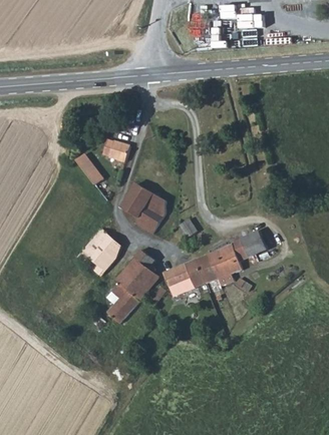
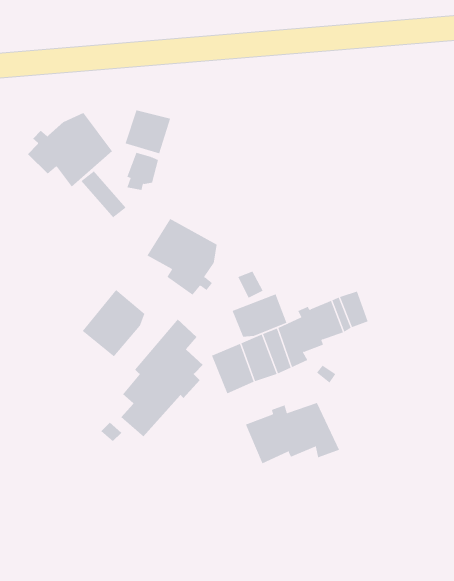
building: none -> [125,110,171,154]
building: none -> [27,112,113,187]
building: none -> [232,293,287,338]
building: none -> [245,402,340,464]

